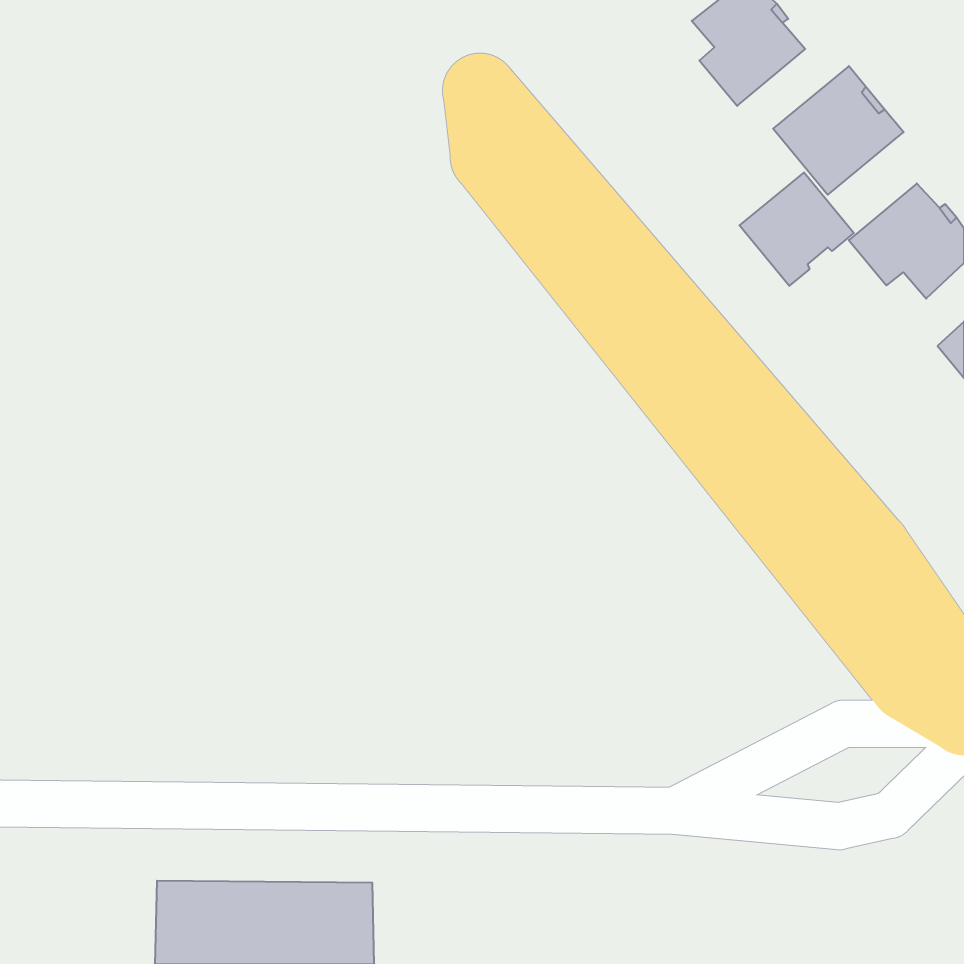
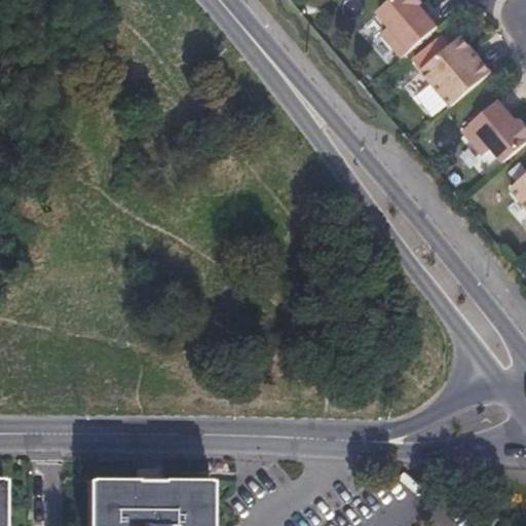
building: [739,172,854,286] -> none

